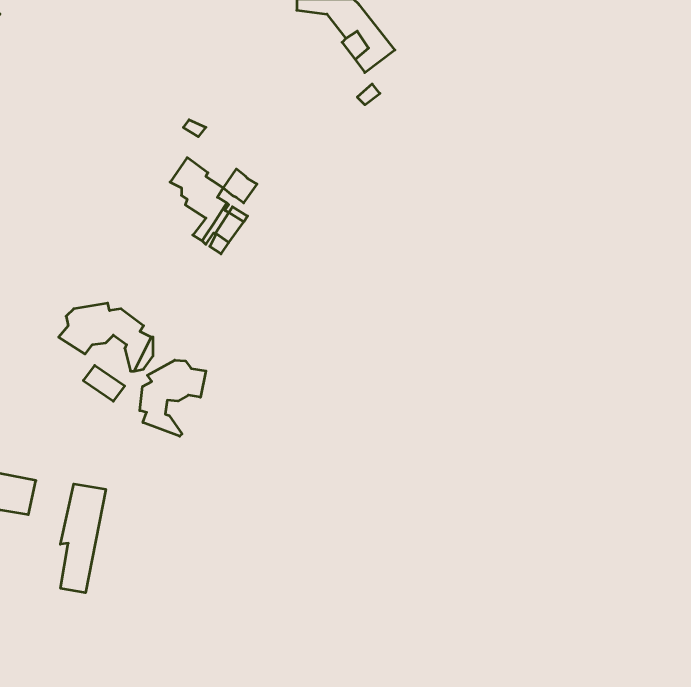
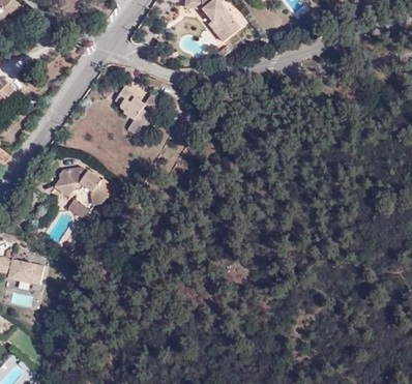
building: [140,360,206,436] -> none
building: [60,484,106,593] -> none

